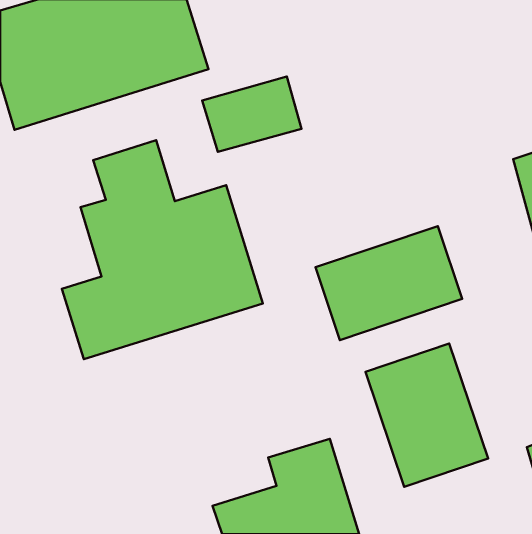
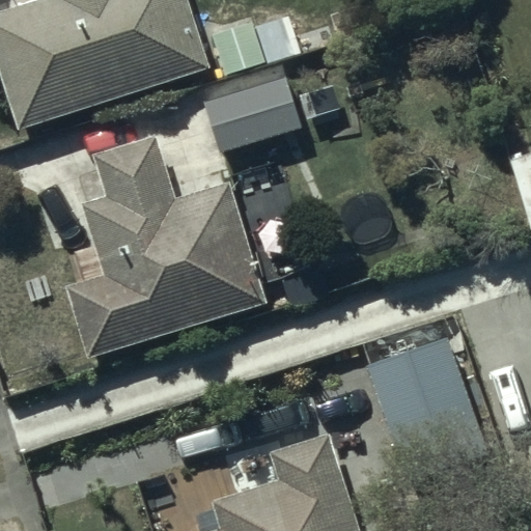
building: [316,226,462,340] -> none

